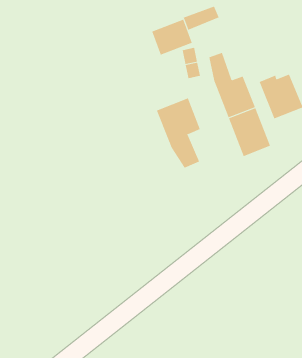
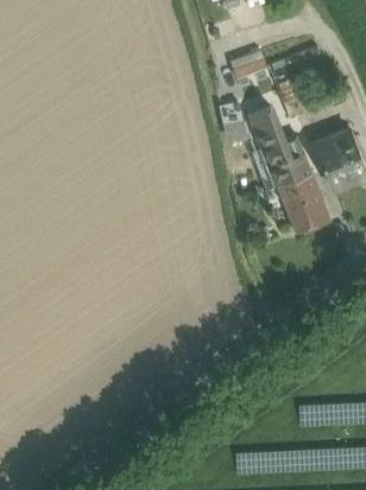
building: [151,19,192,55] -> none
building: [156,97,200,168] -> none

